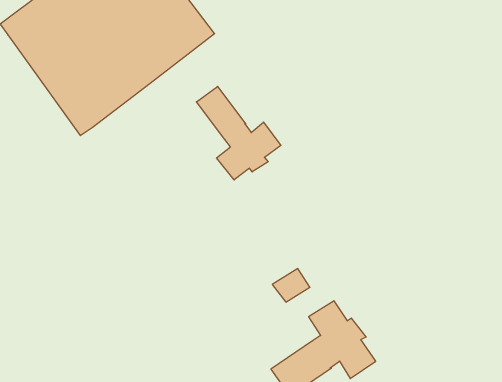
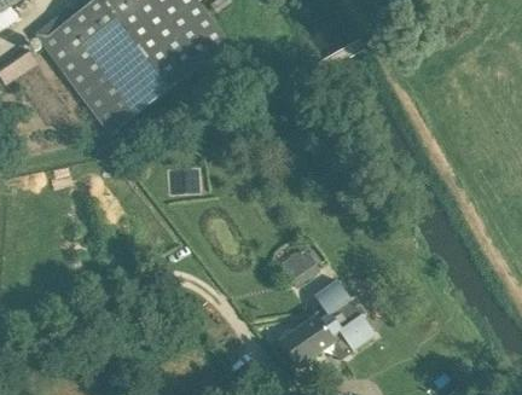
building: [196,86,281,180] -> none

